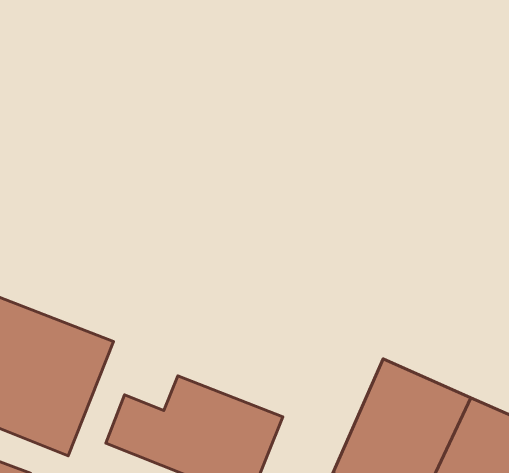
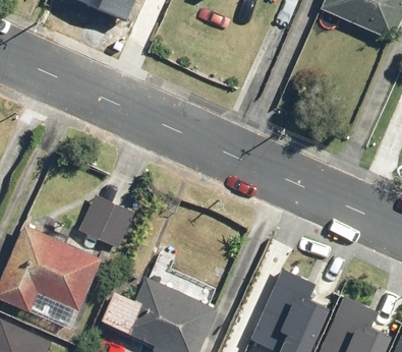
building: none -> [72,192,134,252]

